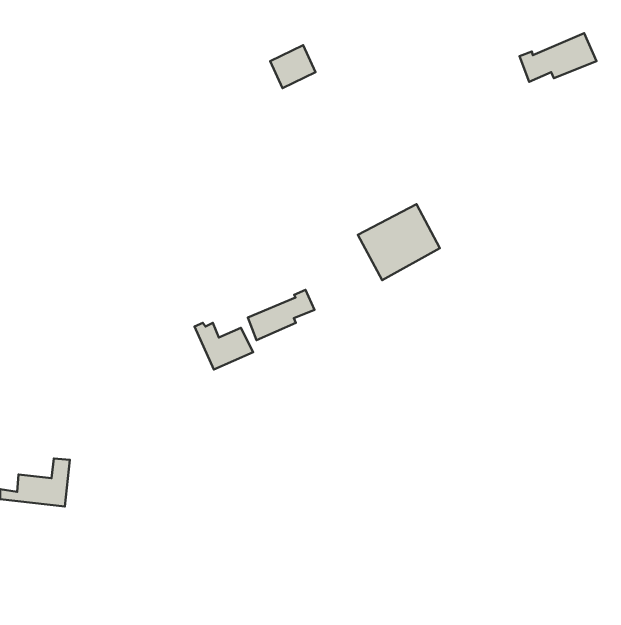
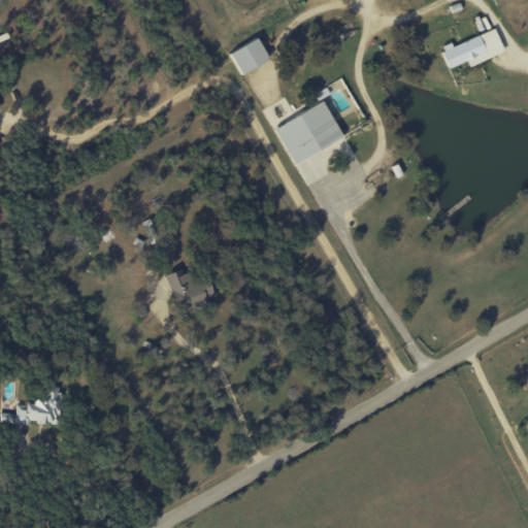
building: [358,204,440,280] -> [274,101,343,165]
building: [248,290,315,340] -> none

